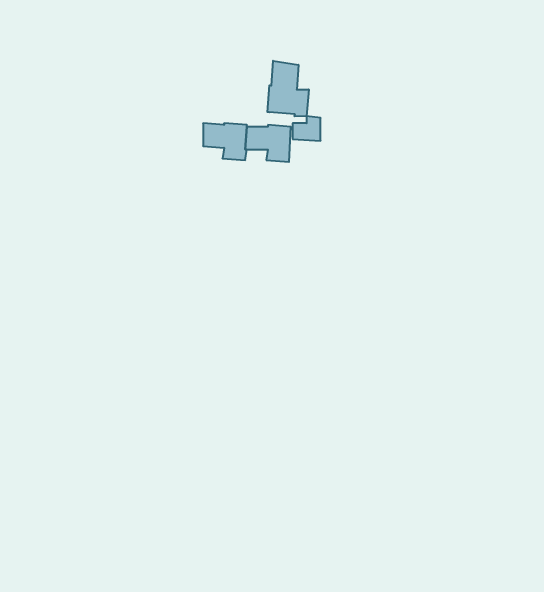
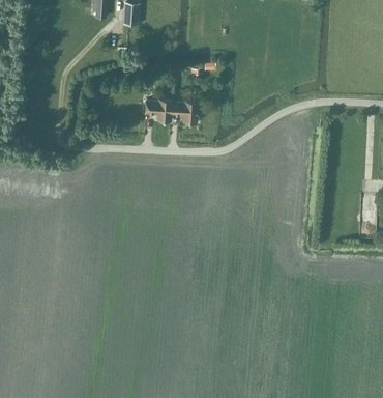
building: [267,61,309,116] -> none

